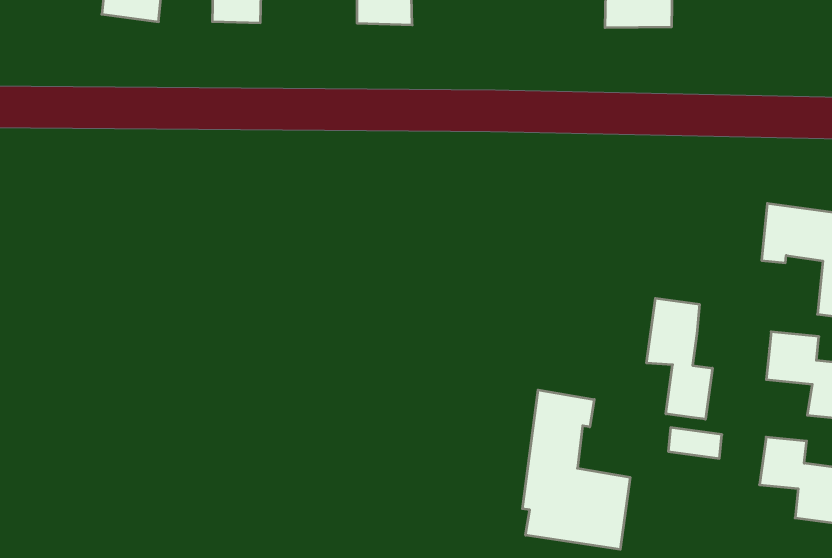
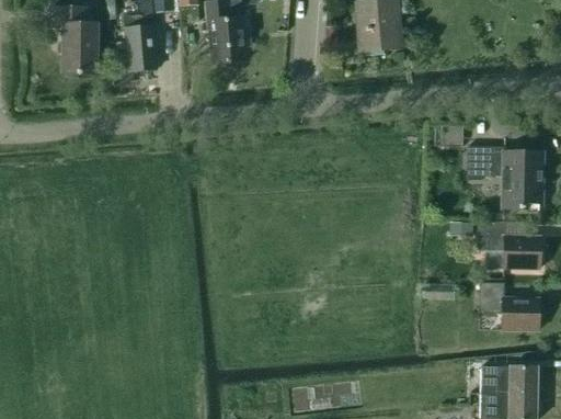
building: [647,298,712,419] -> none
building: [522,390,630,549] -> none

